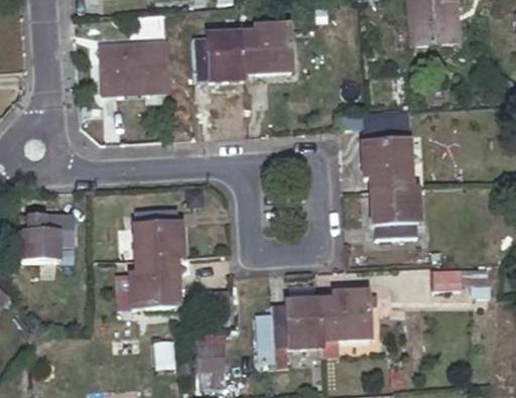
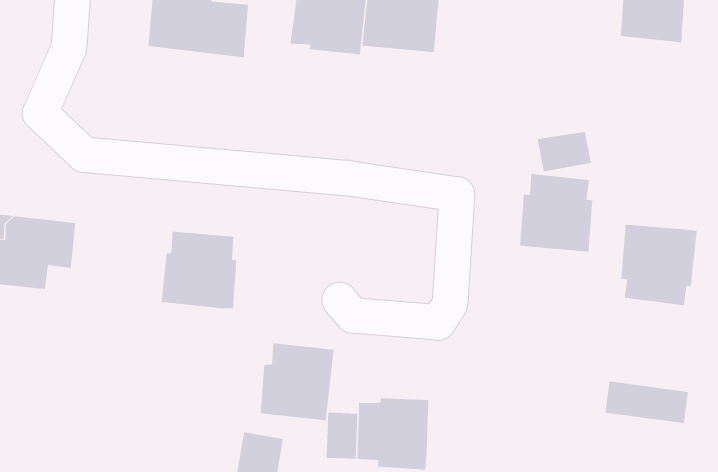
building: [369,187,418,238] -> [620,224,698,306]
building: [131,257,177,305] -> [260,343,335,421]
building: [319,288,373,338] -> none

